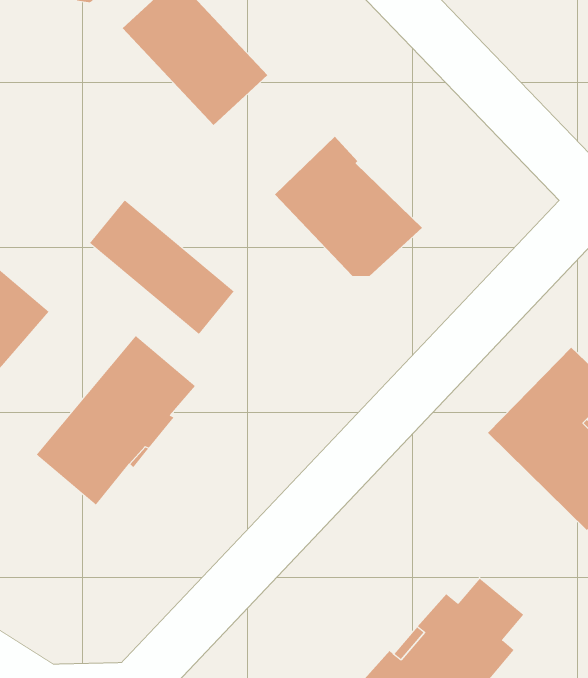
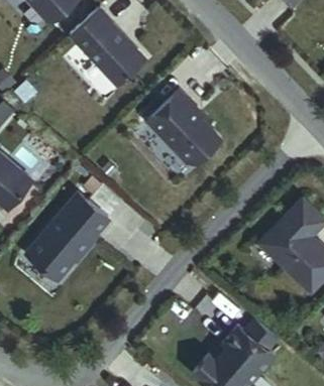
building: [89,199,235,335] -> none

